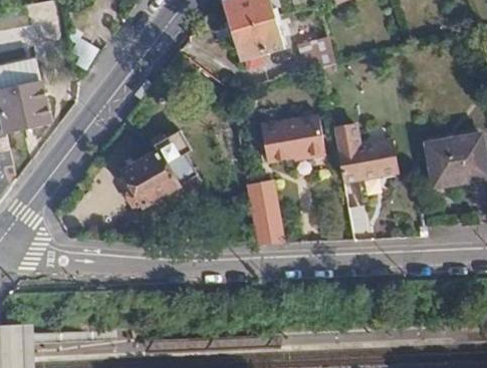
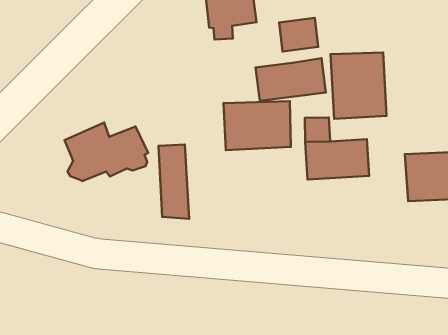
building: none -> [330,52,387,119]
building: none -> [256,58,326,101]
building: [248,177,283,244] -> [159,145,189,219]

